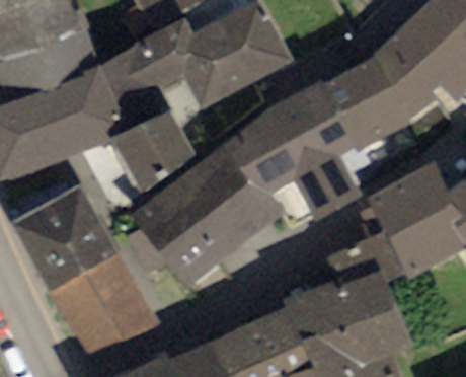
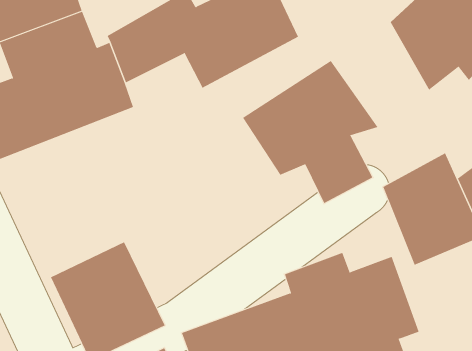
building: [323,58,410,148] -> none
building: [111,114,189,195] -> none
building: [131,139,284,291] -> none
building: [8,183,124,293] -> none

